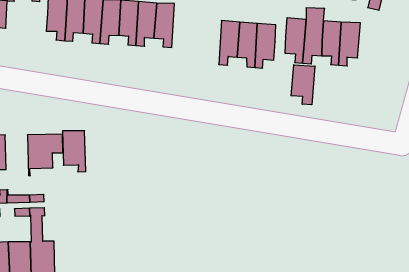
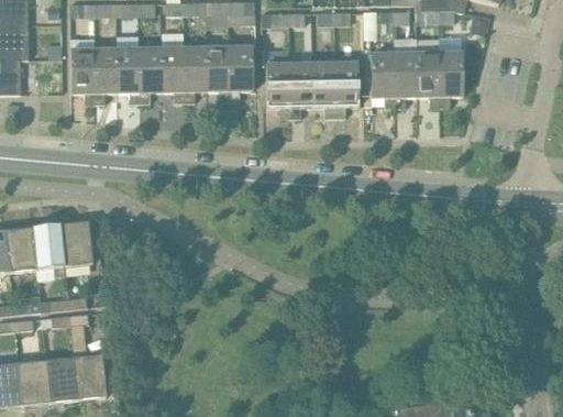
building: none -> [228,46,252,101]
building: none -> [265,63,289,119]
building: [291,65,315,105] -> none
building: [63,131,86,172] -> [30,224,63,276]

